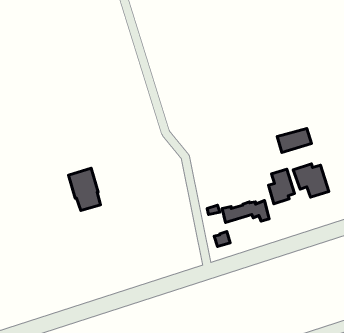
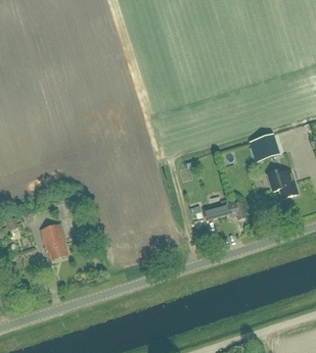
building: [68,168,100,211] -> [39,222,67,260]
building: [269,169,295,204] -> none

